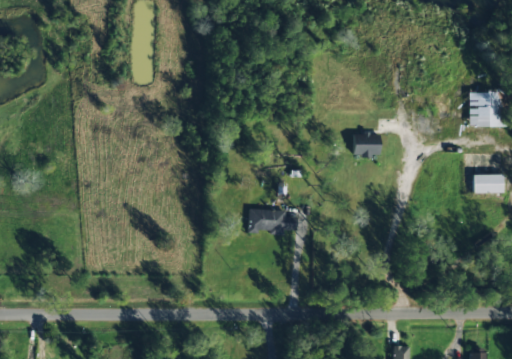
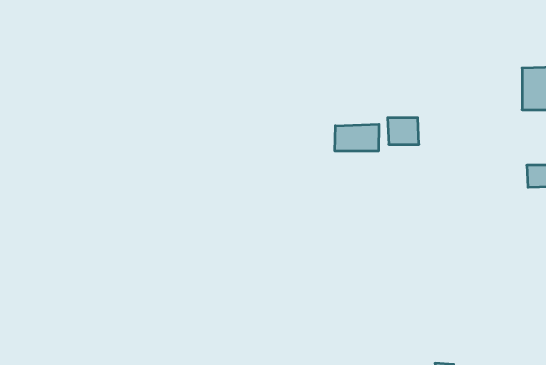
building: none -> [335,124,379,151]
building: [248,208,293,234] -> none

